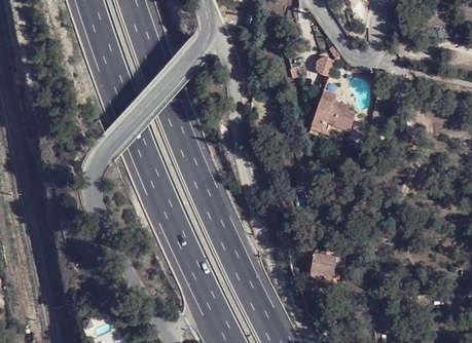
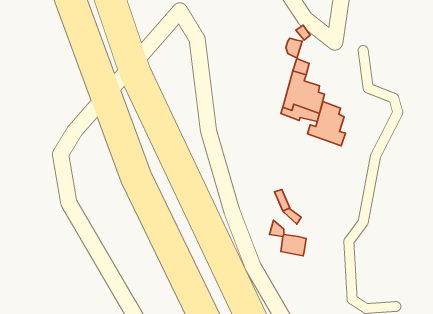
building: none -> [307,102,345,146]

